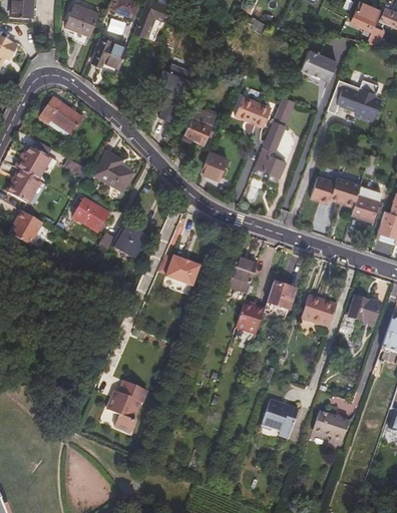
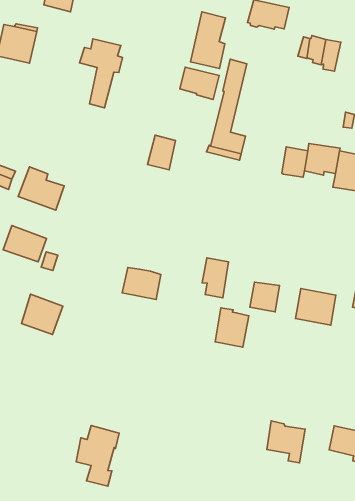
building: none -> [191,12,225,68]
building: [183,105,218,144] -> none
building: [115,223,151,260] -> [21,294,63,335]

